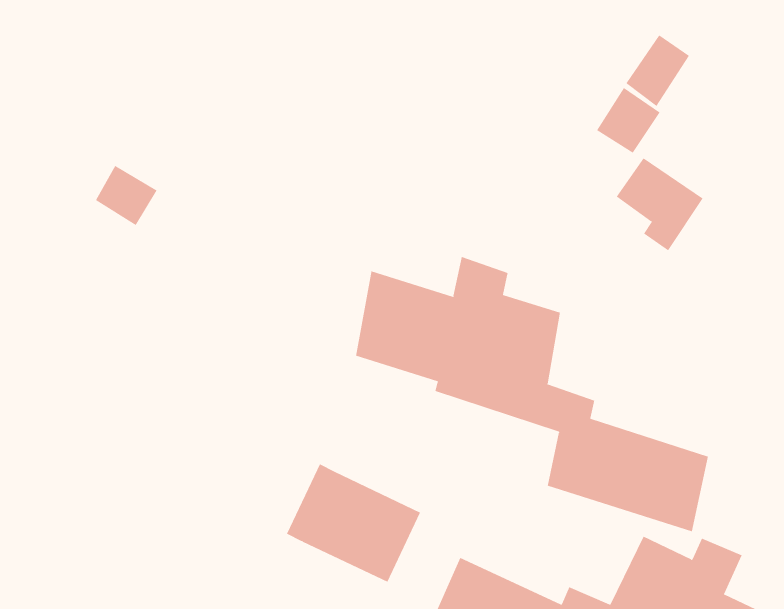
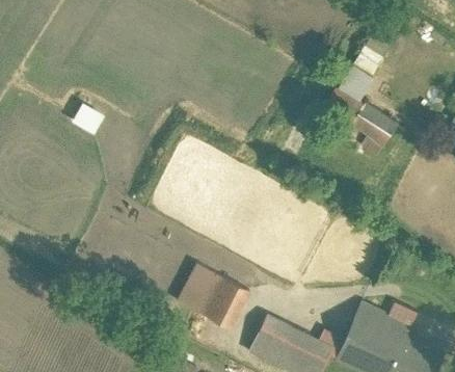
building: [355,256,708,532] -> none

